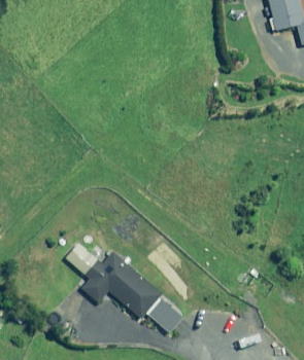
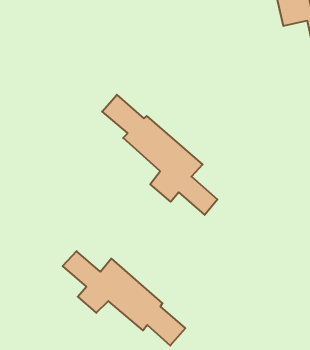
building: none -> [102,95,217,215]

